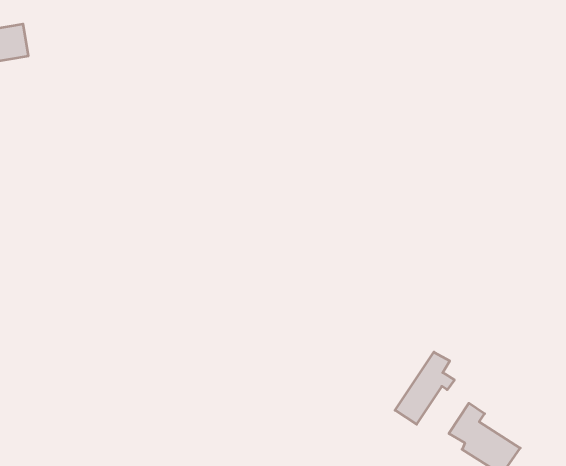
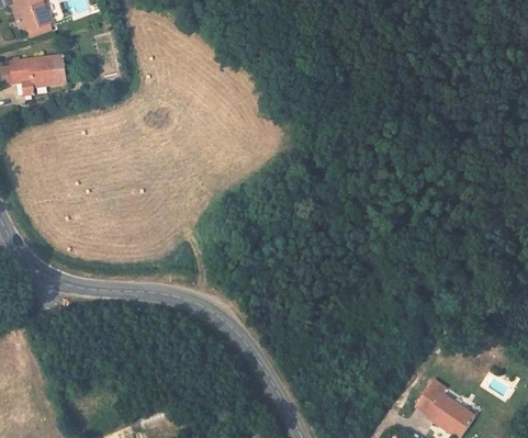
building: [395,352,454,424] -> none

